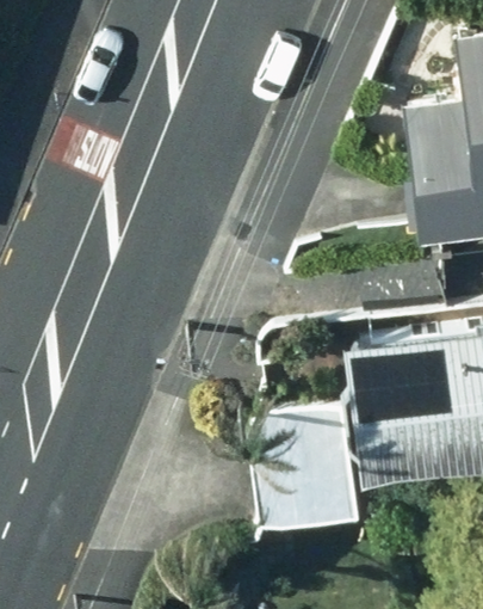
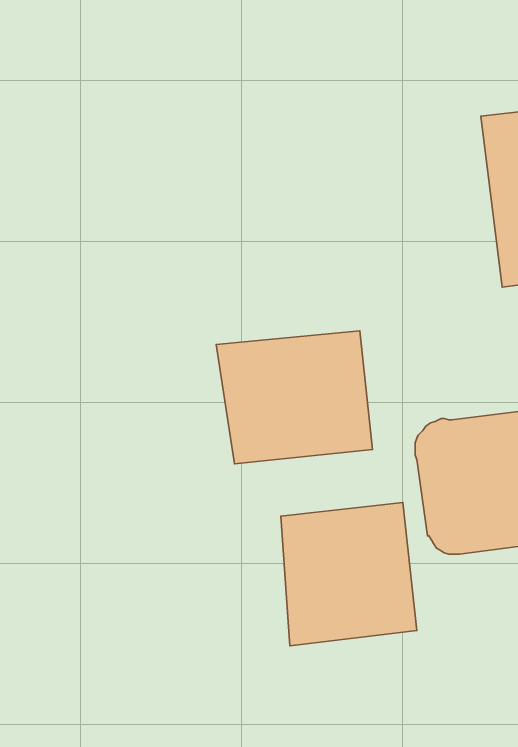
building: none -> [216,331,372,464]

